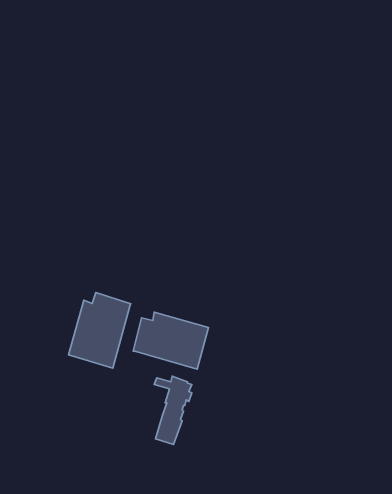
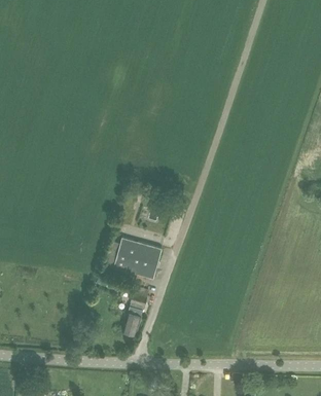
building: [68,293,131,368] -> none

